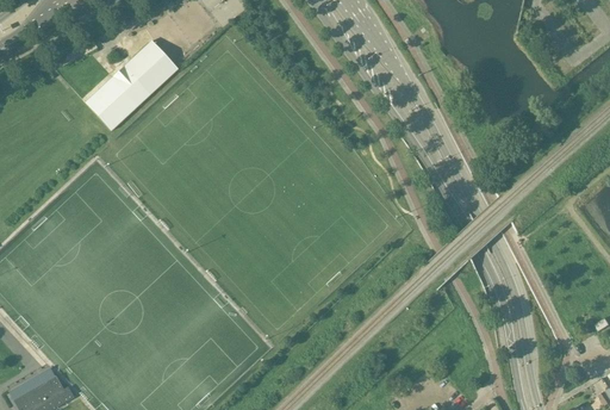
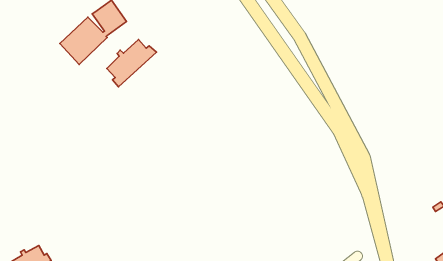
building: none -> [107,40,156,87]

